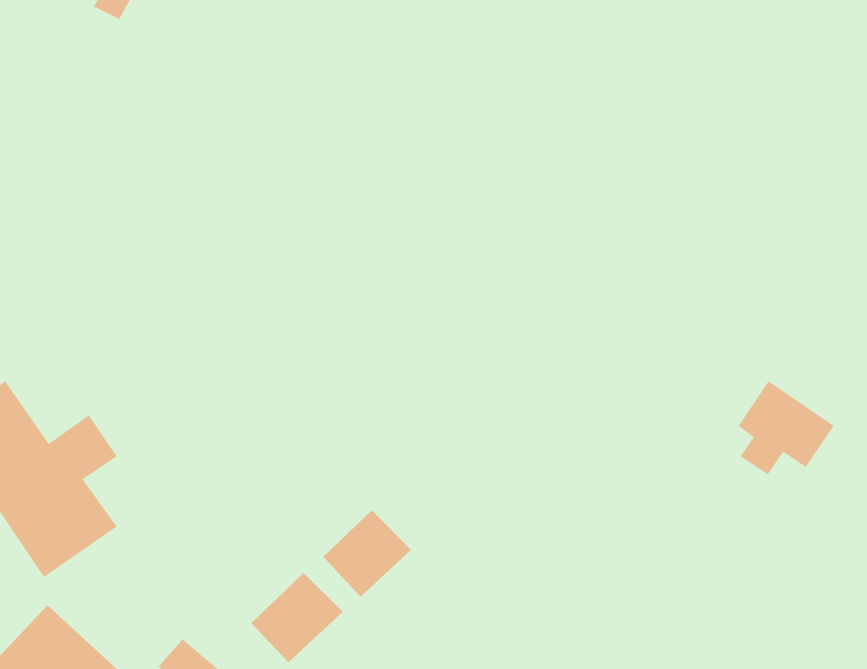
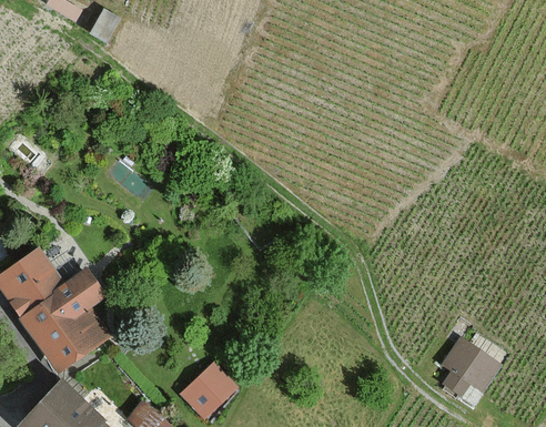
building: [738,380,835,475] -> [442,336,498,392]
building: [322,510,412,597] -> none

